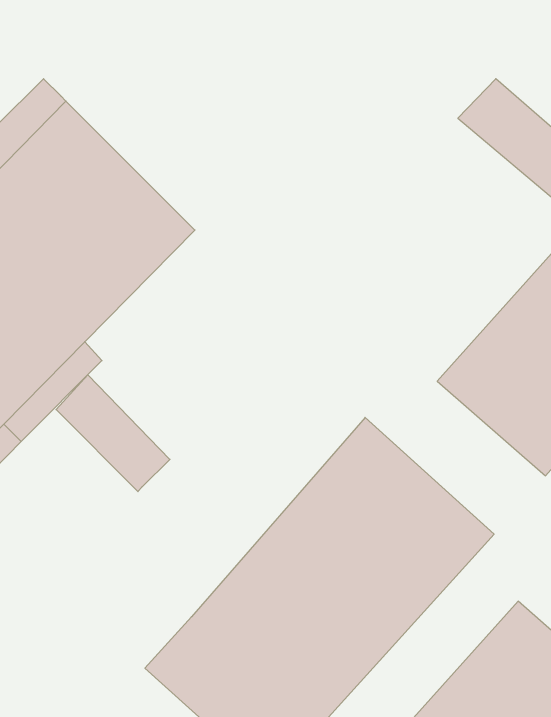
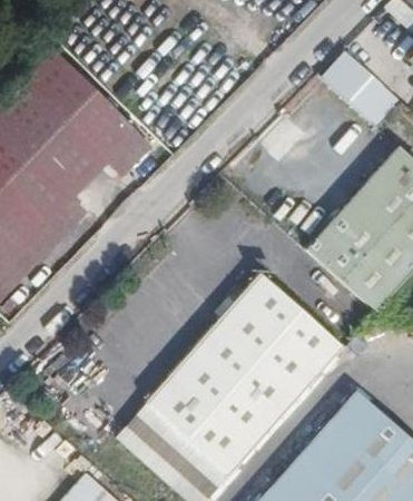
building: [56,375,170,492] -> none

